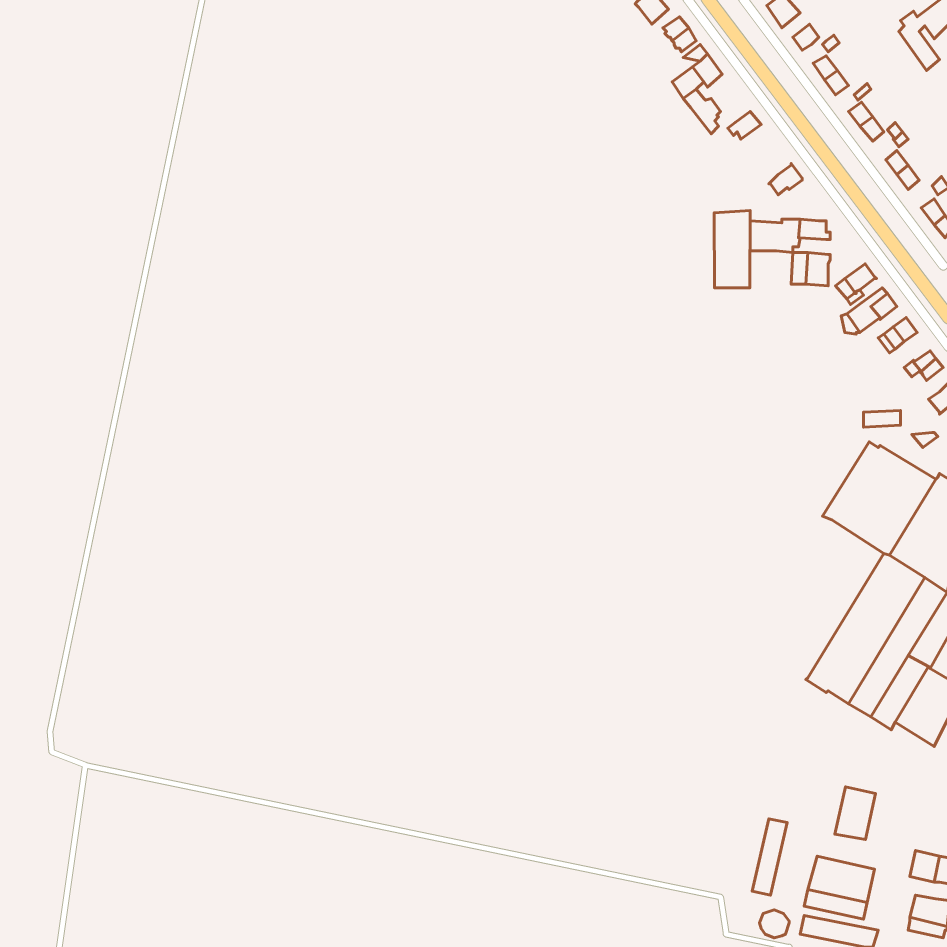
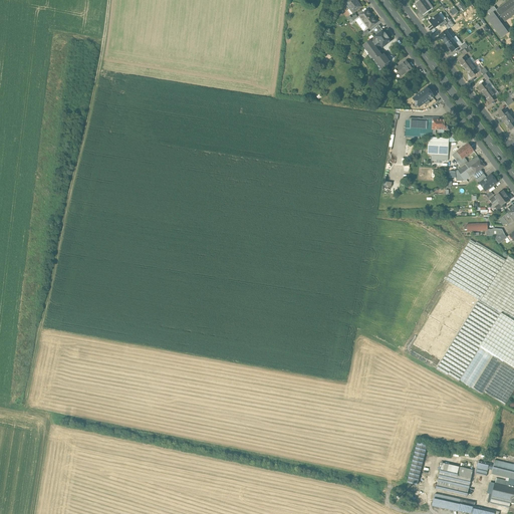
building: [714,210,750,288] -> none
building: [835,787,875,839] -> none

